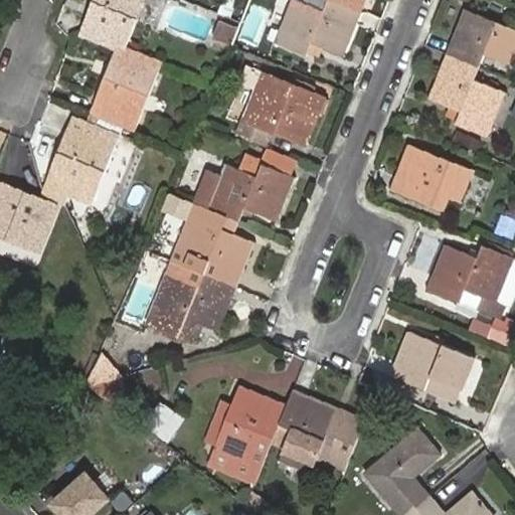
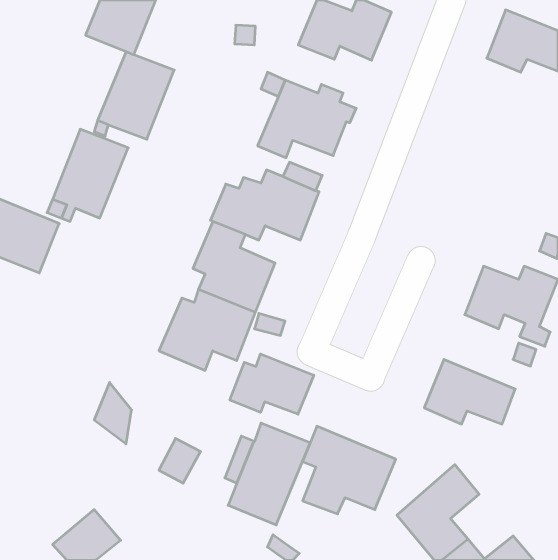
building: [428,53,504,137] -> none
building: [390,144,471,211] -> none
building: none -> [230,354,314,414]

